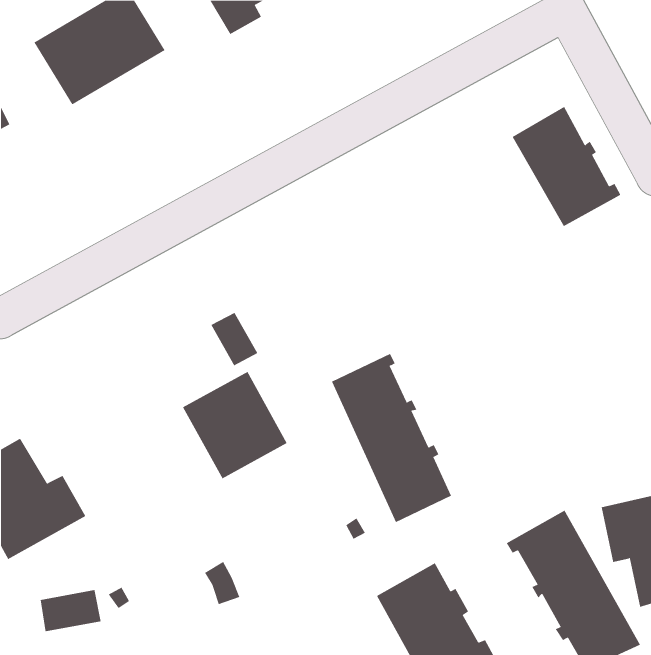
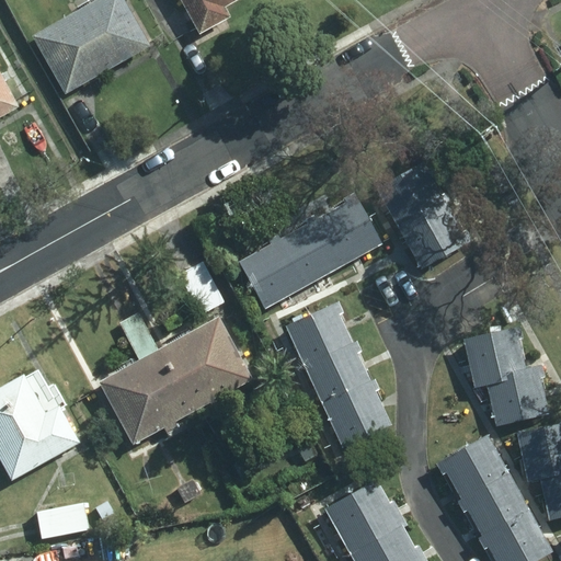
building: [512,106,621,227] -> [378,162,471,265]
building: none -> [240,198,379,308]
building: none -> [99,313,194,444]
building: none -> [465,327,548,424]

